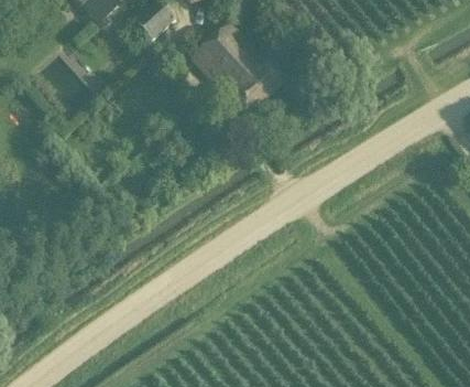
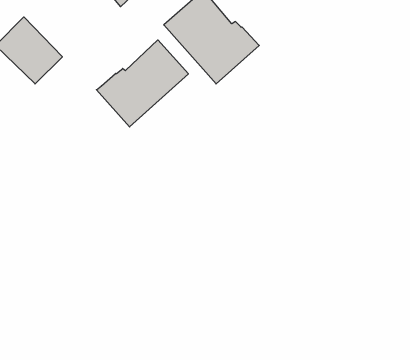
building: none -> [96,40,188,127]

